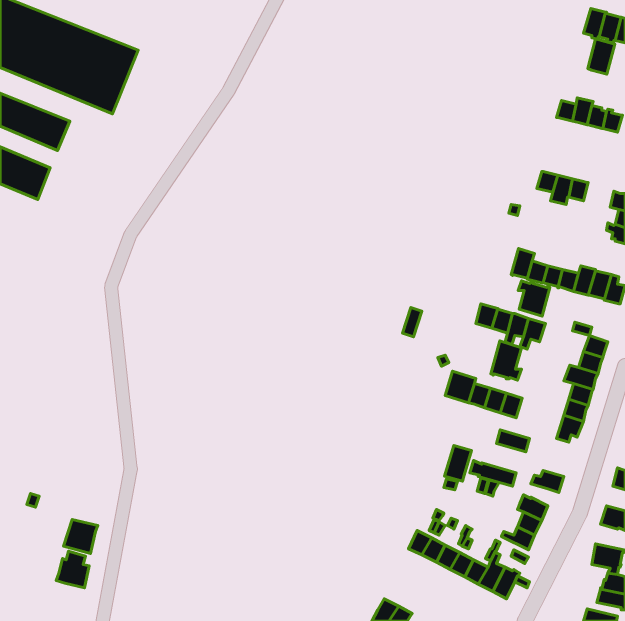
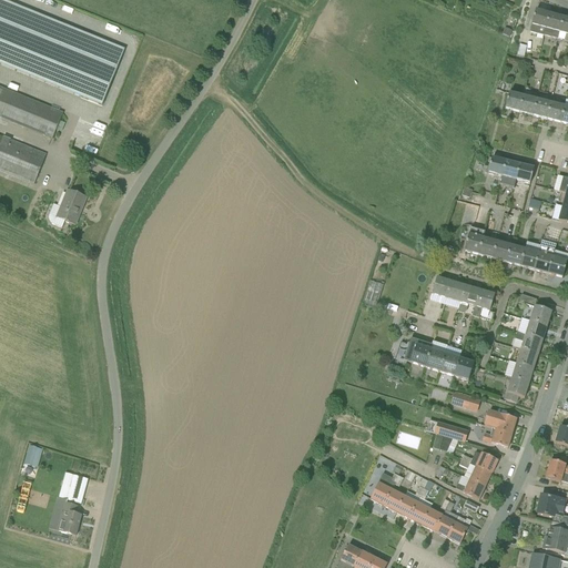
building: [588,39,615,74] -> none
building: none -> [49,187,87,225]
building: [518,281,550,316] -> none
building: [491,341,522,380] -> none
building: [445,445,471,481] -> none
building: none -> [485,408,516,432]

